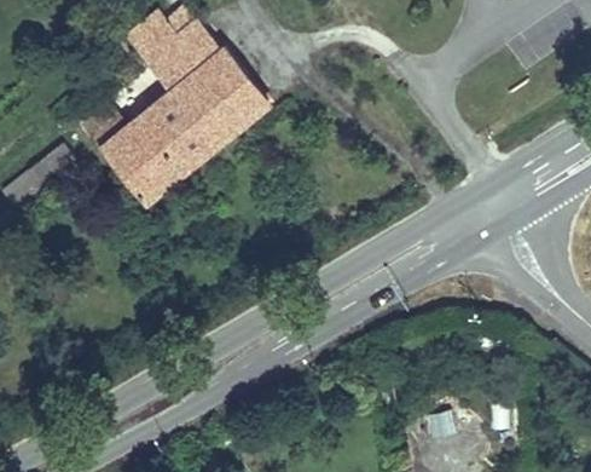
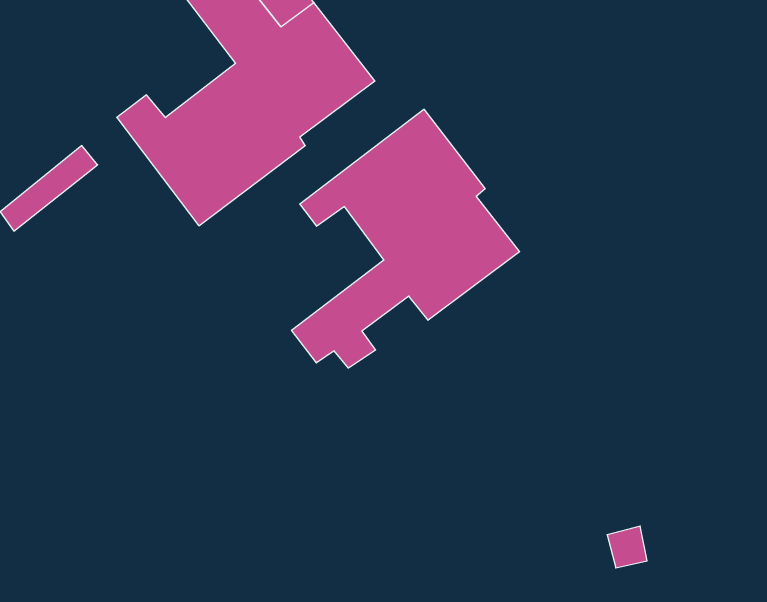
building: none -> [292,109,520,368]

